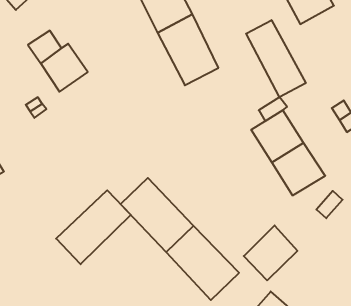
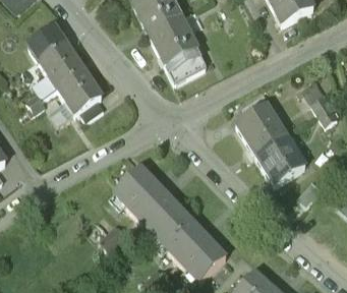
building: [246,20,306,97] -> none
building: none -> [57,68,101,113]
building: [56,190,131,264] -> none
building: [244,225,297,280] -> none

